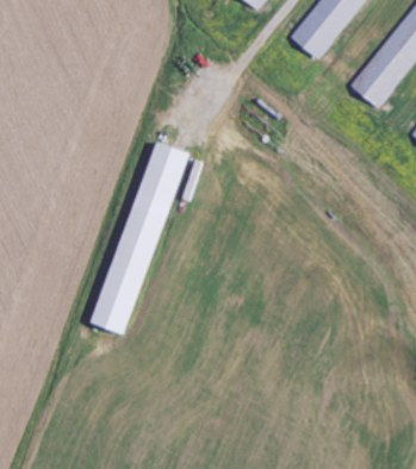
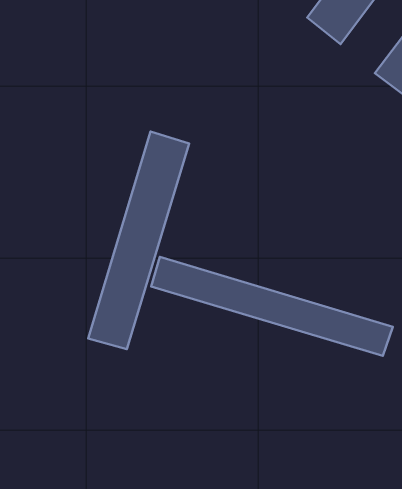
building: none -> [151,257,393,356]

